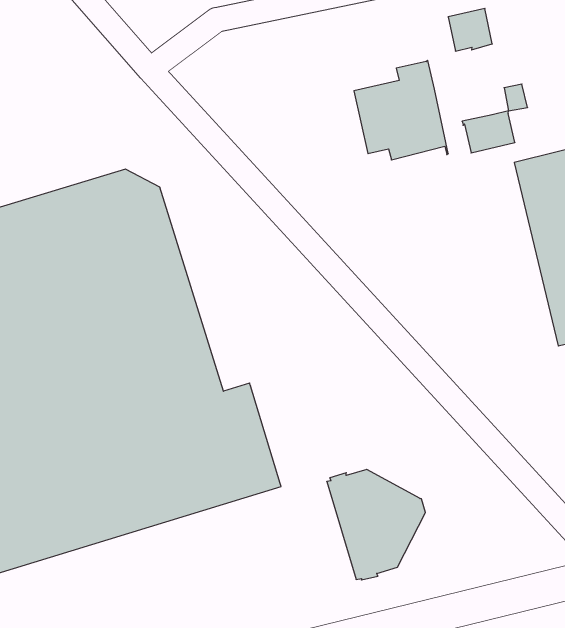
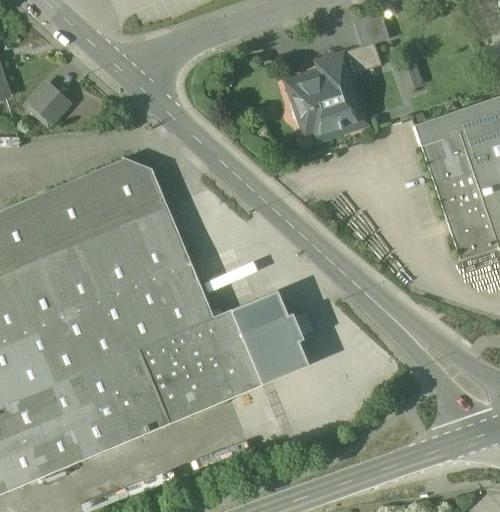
building: none -> [31,85,67,121]
building: [462,111,515,153] -> [340,42,381,76]
building: [327,469,425,580] -> [233,299,309,382]

